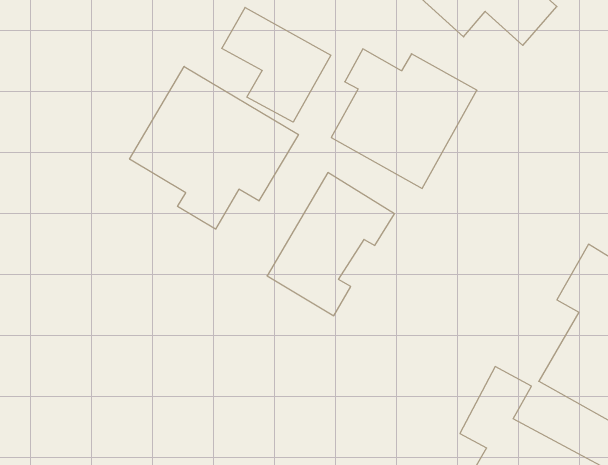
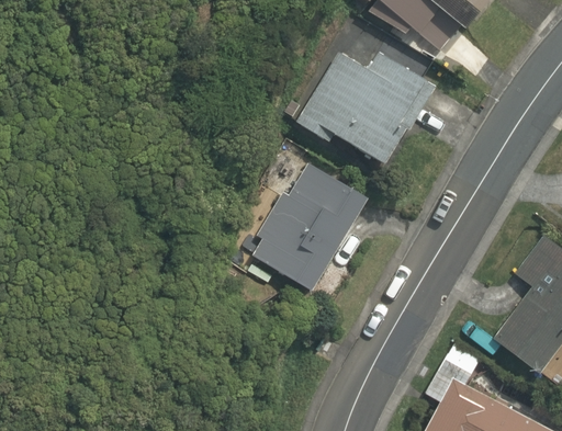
building: [222,7,331,122] -> none
building: [130,66,298,229] -> none

